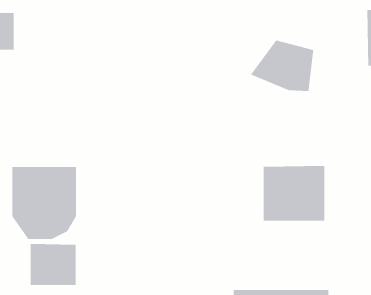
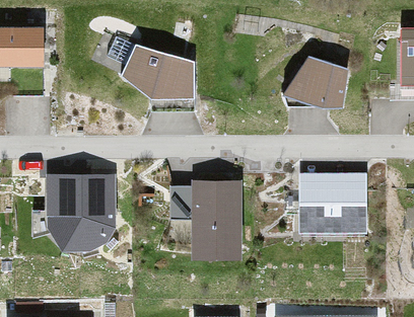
building: none -> [124,41,198,96]
building: none -> [168,181,241,257]
building: [30,243,76,286] -> none

